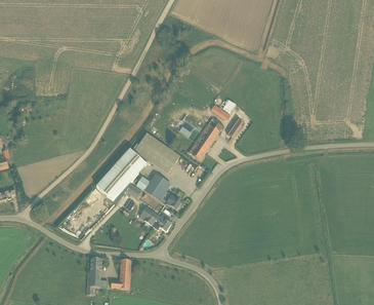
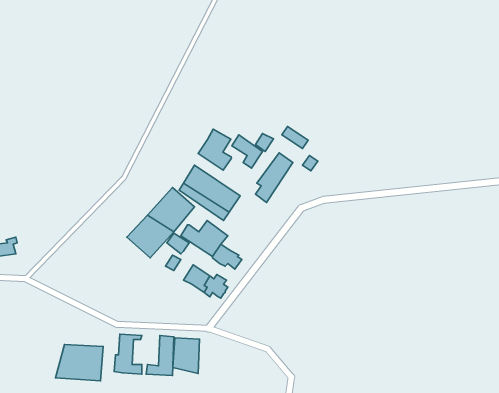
building: none -> [198,129,231,170]
building: none -> [173,338,199,373]
building: none -> [55,345,103,381]

